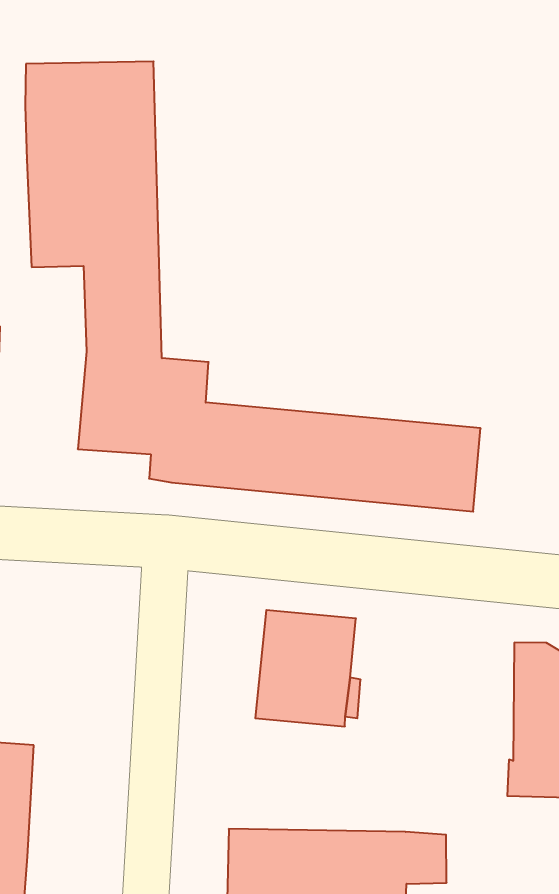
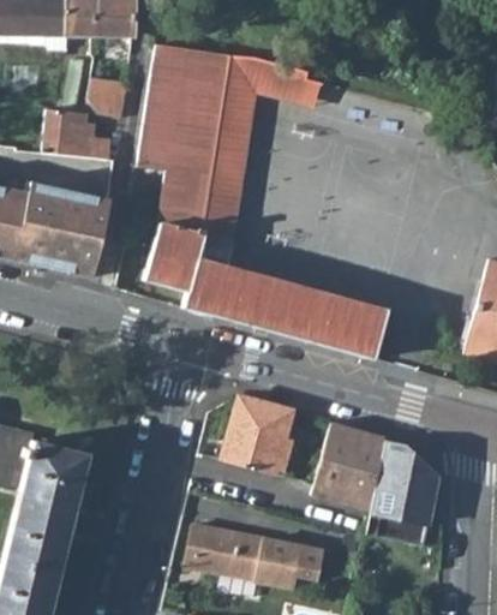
building: none -> [205,55,322,241]
building: none -> [313,423,388,513]

